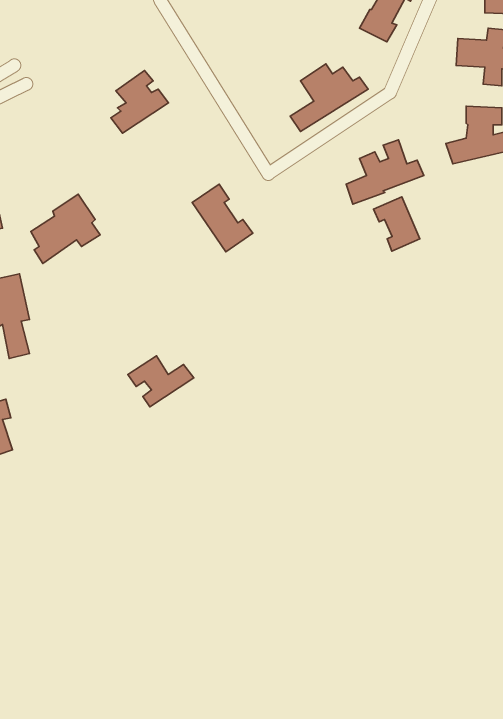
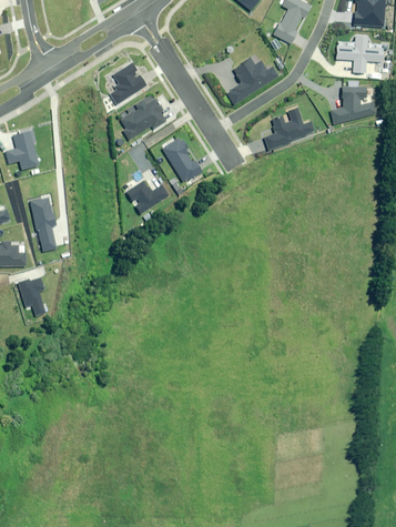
building: [31,194,100,264] -> [121,93,166,139]
building: [373,197,420,251] -> none
building: [128,356,194,407] -> [126,180,170,213]

